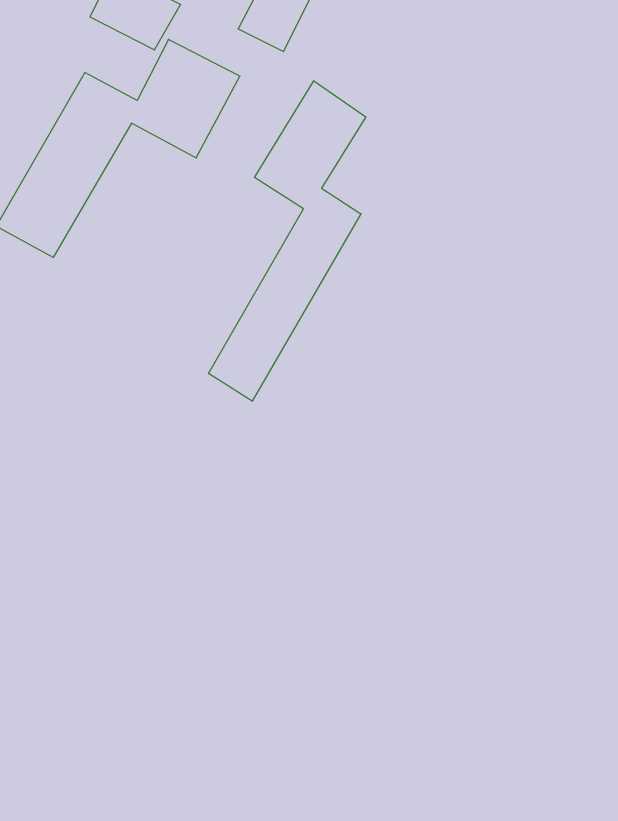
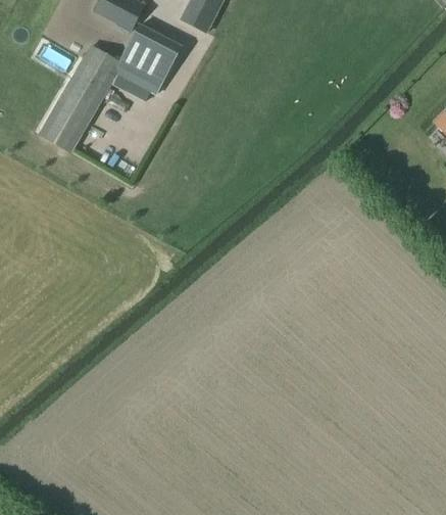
building: [208,81,366,401] -> none

